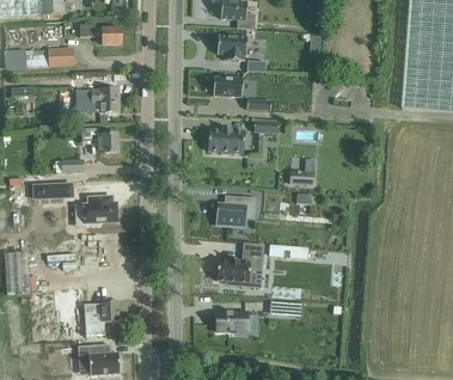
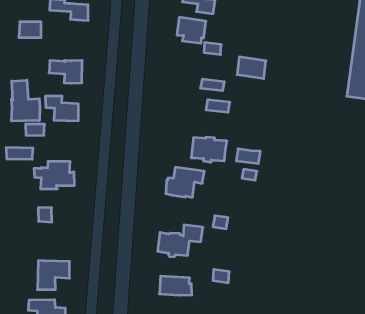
building: [213,75,243,97] -> [237,57,266,79]
building: none -> [11,80,40,121]
building: [208,128,245,154] -> [191,137,227,162]

